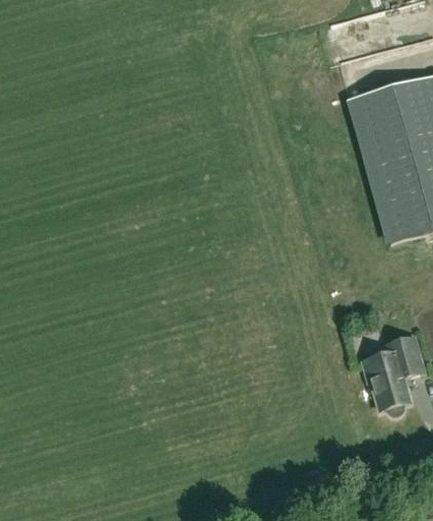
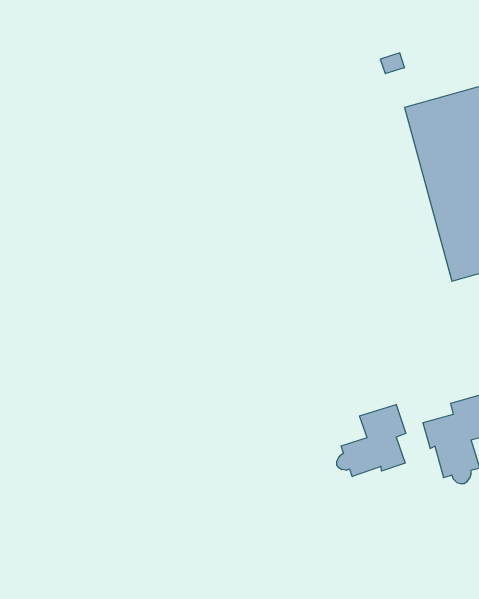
building: none -> [337,404,406,477]

